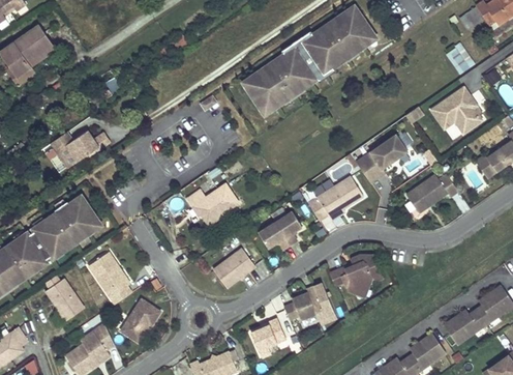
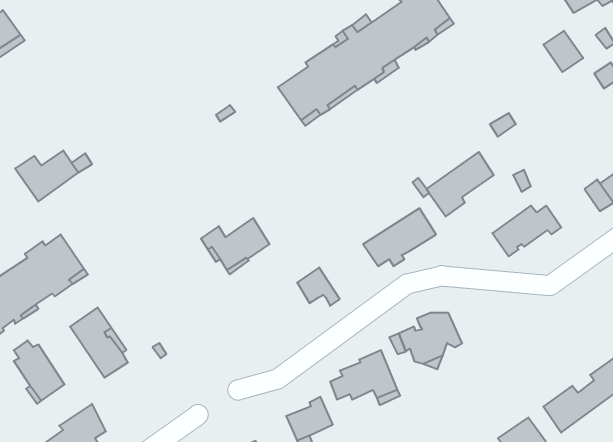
building: [431,87,482,133] -> none
building: [275,210,302,244] -> none
building: [213,248,255,287] -> none
building: [121,297,160,341] -> none

